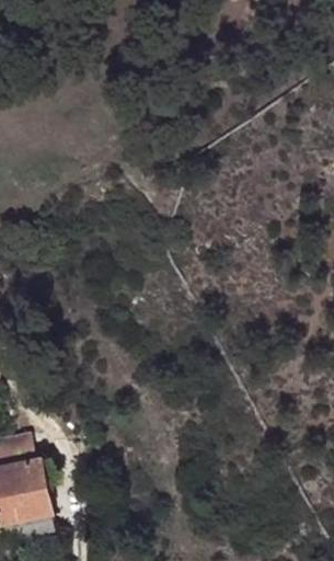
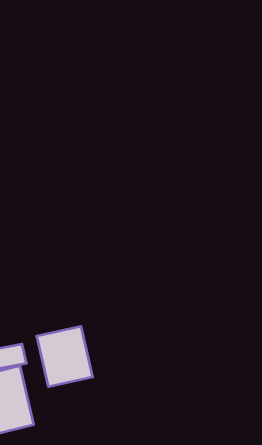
building: none -> [37,326,93,387]

